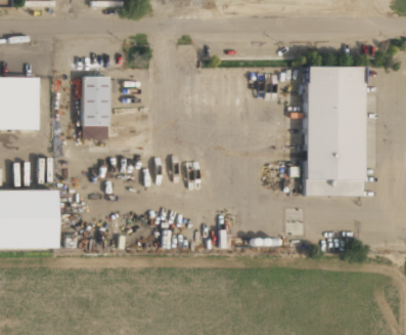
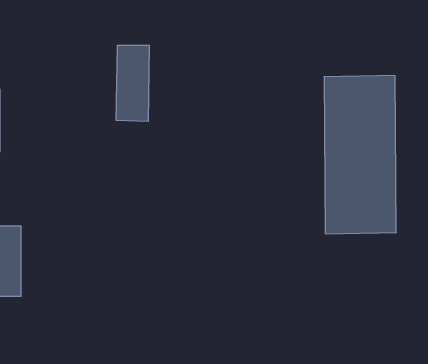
building: [82,77,109,139] -> [116,45,150,121]

